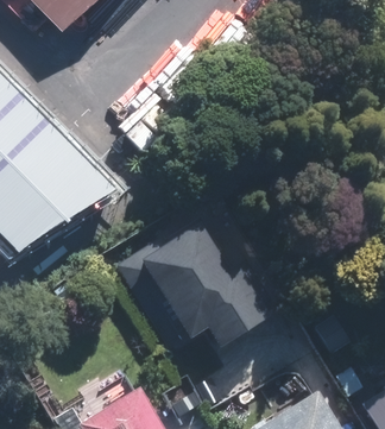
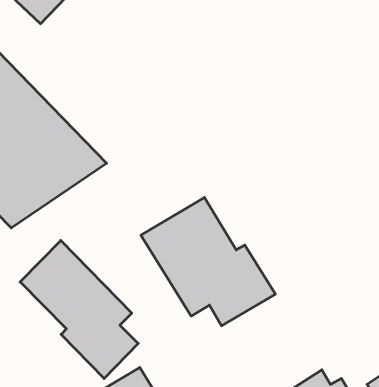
building: none -> [20,240,138,379]

